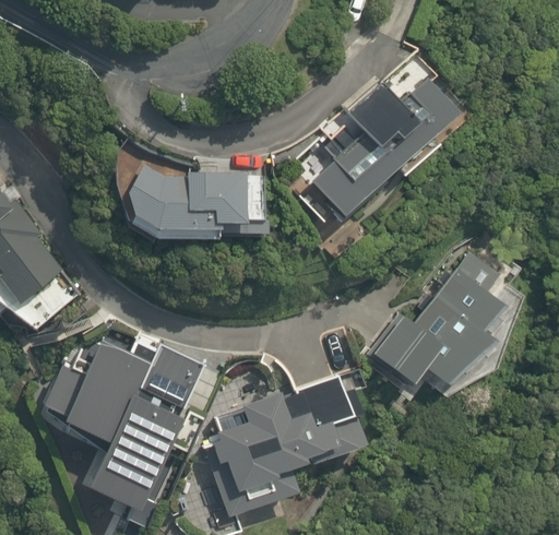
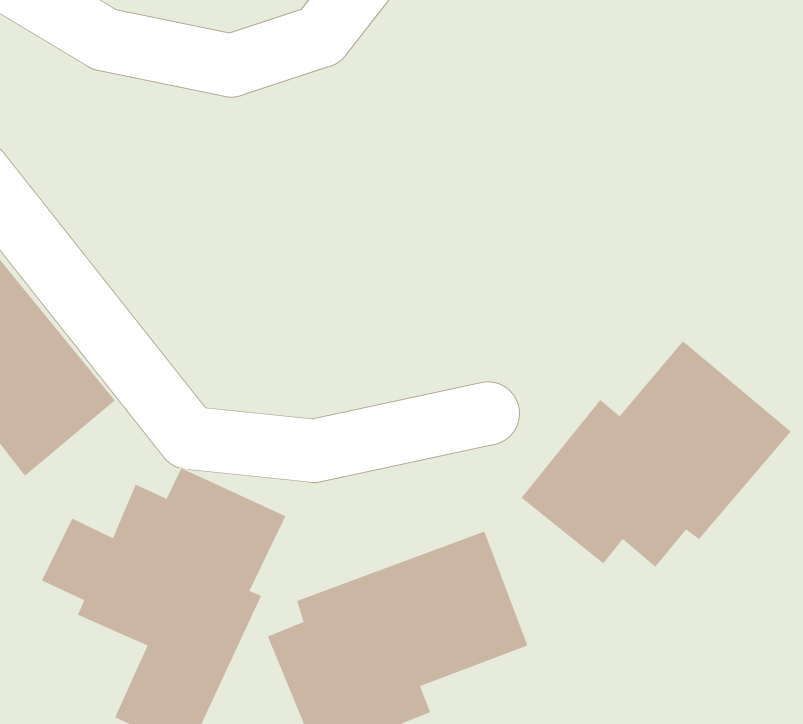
building: [289,59,469,250] -> none
building: [111,150,260,238] -> none

